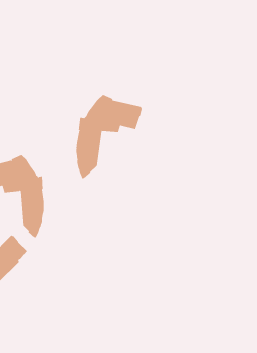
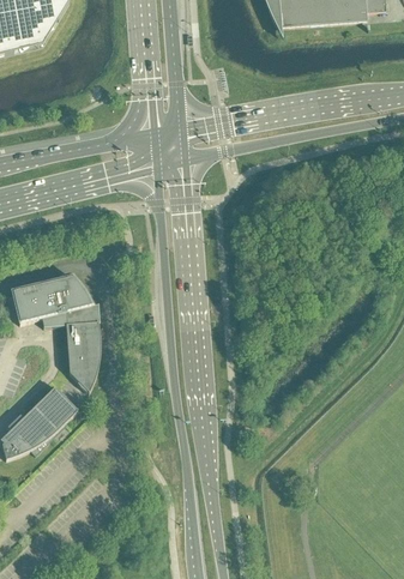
building: [76,94,143,180] -> none

